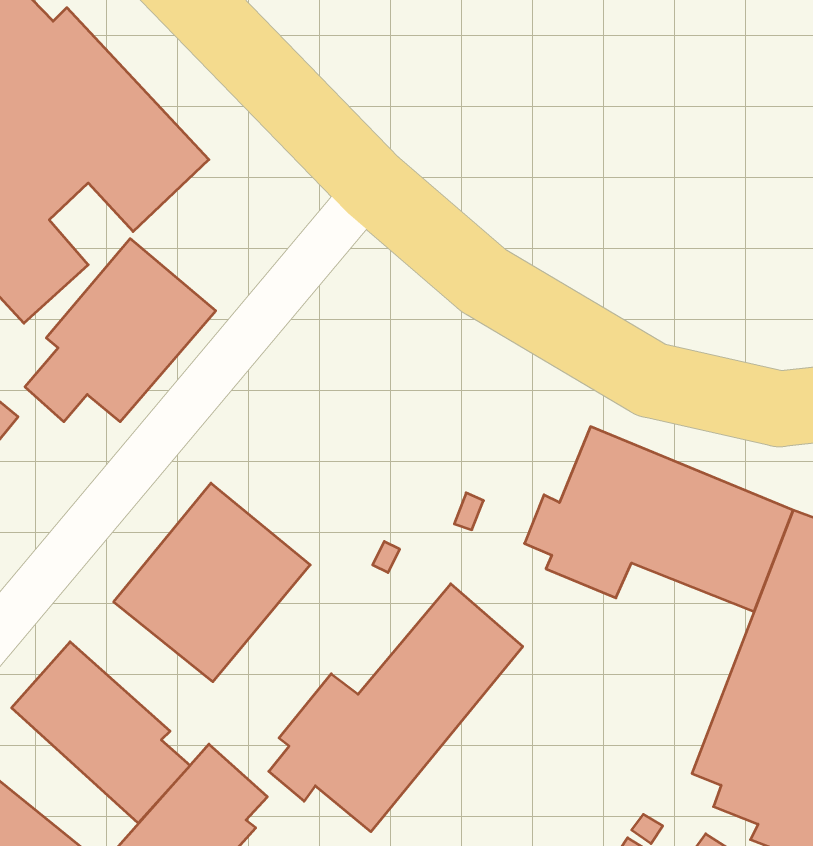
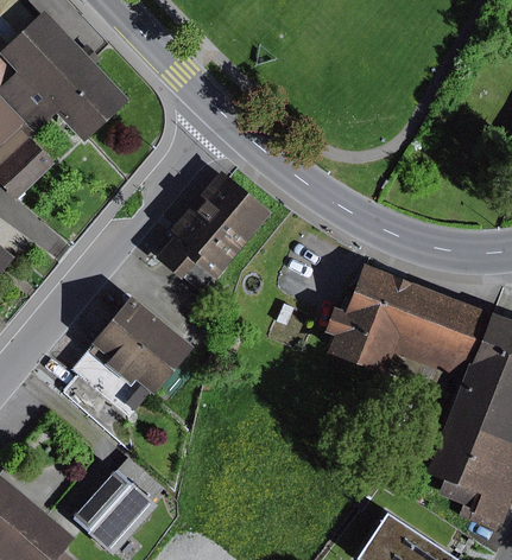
building: [25,239,216,422] -> [154,170,271,281]
building: [269,584,523,832] -> none
building: [12,642,190,823] -> none

